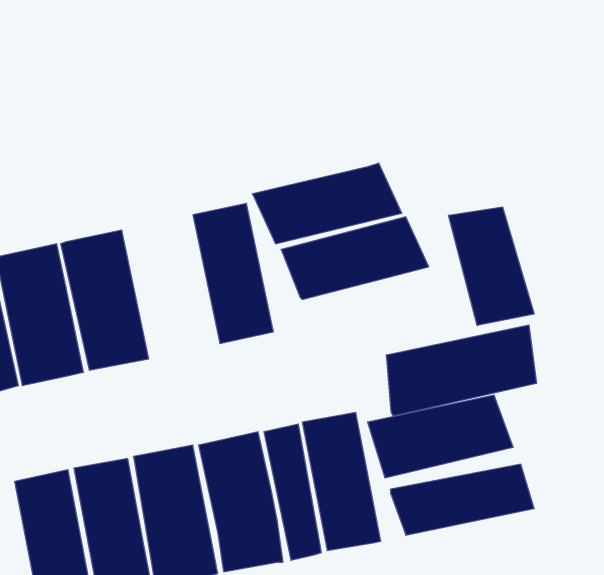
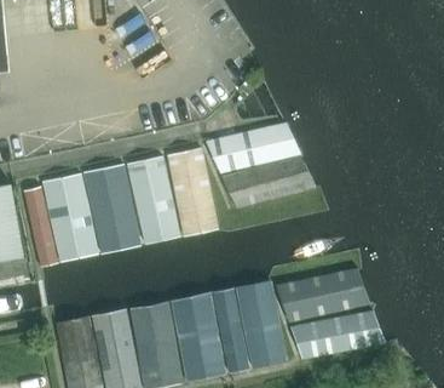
building: [448,207,534,326] -> none
building: none -> [126,156,181,245]
building: [386,325,537,416] -> none

